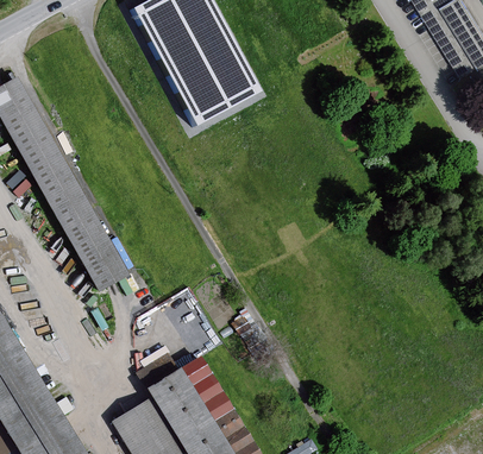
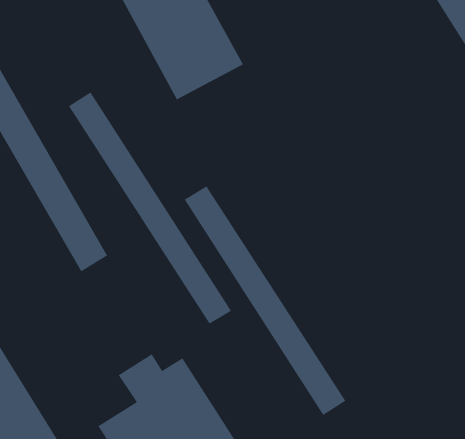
building: none -> [68,92,232,324]
building: none -> [184,186,346,416]

